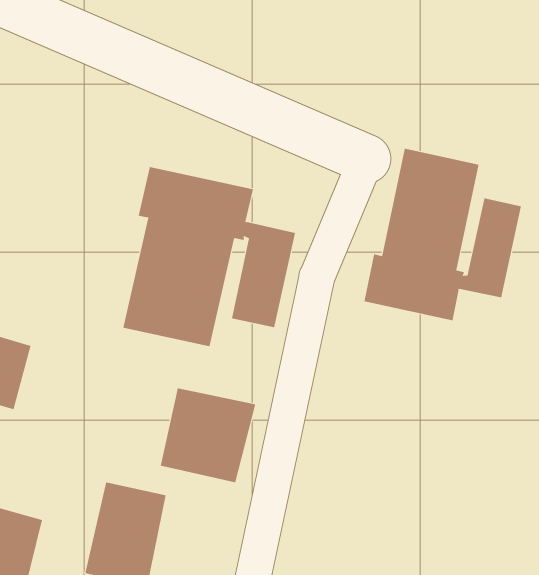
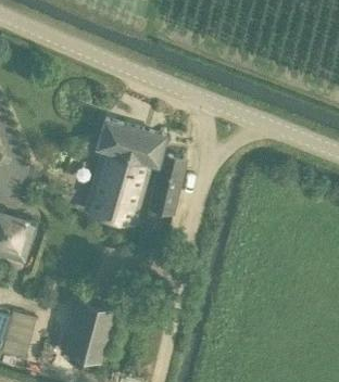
building: [364,148,521,321] -> none
building: [160,387,256,483] -> none

